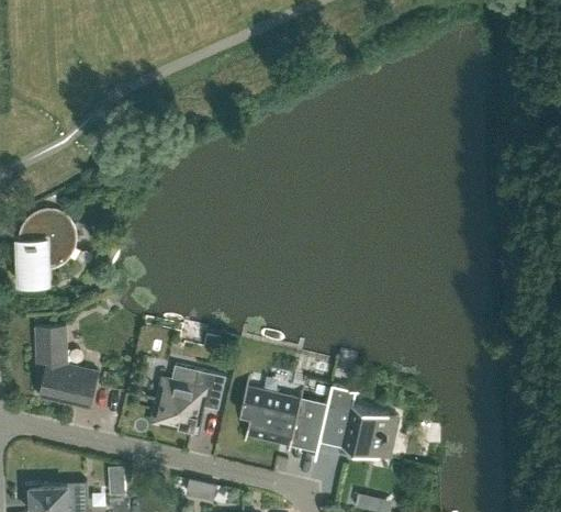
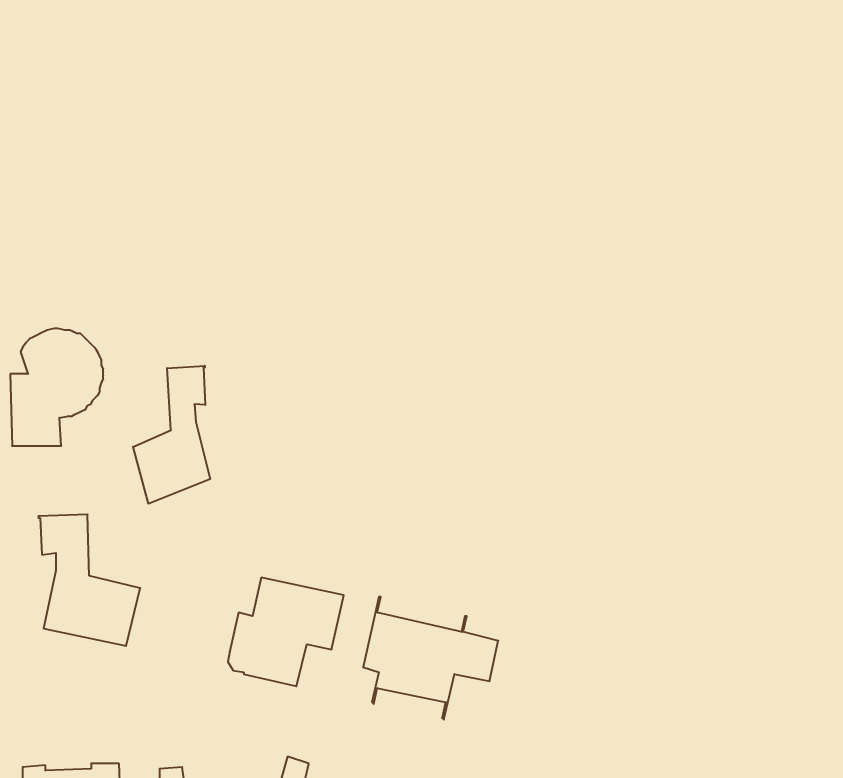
building: none -> [133,366,210,504]
building: [314,385,400,459] -> none

